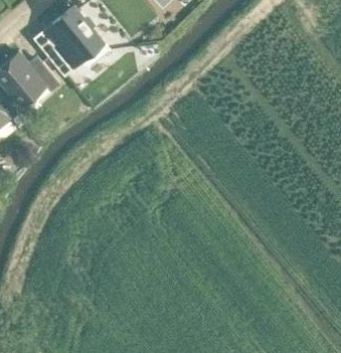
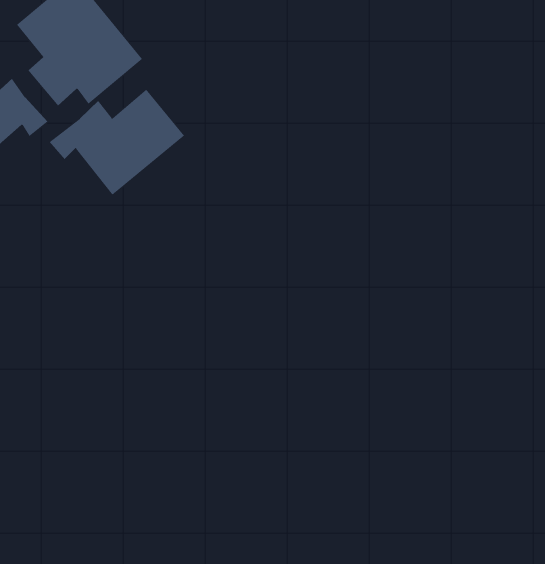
building: none -> [49,89,185,195]

